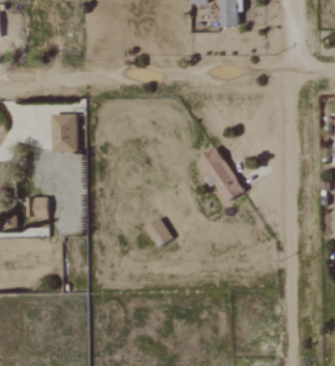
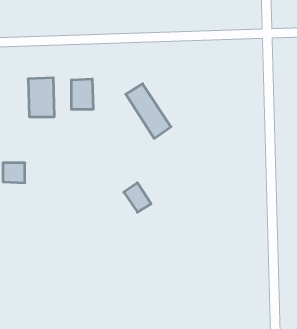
building: none -> [71,79,93,109]
building: [199,148,244,202] -> [126,84,171,138]

